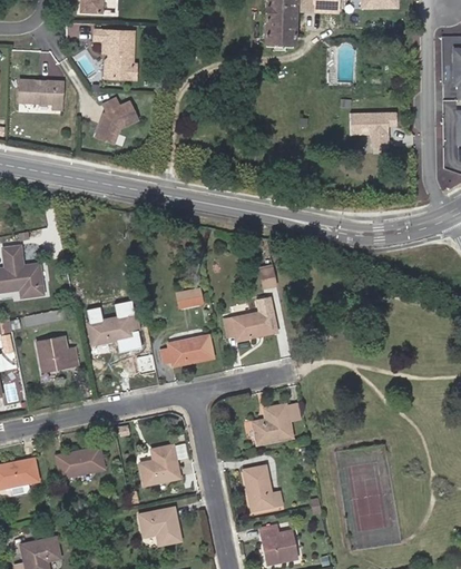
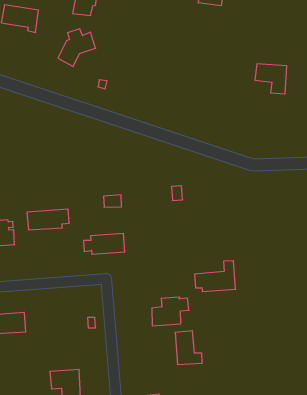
building: [223,297,275,340] -> [195,261,236,292]
building: [139,445,179,484] -> none
building: [243,467,281,510] -> [175,331,202,365]

